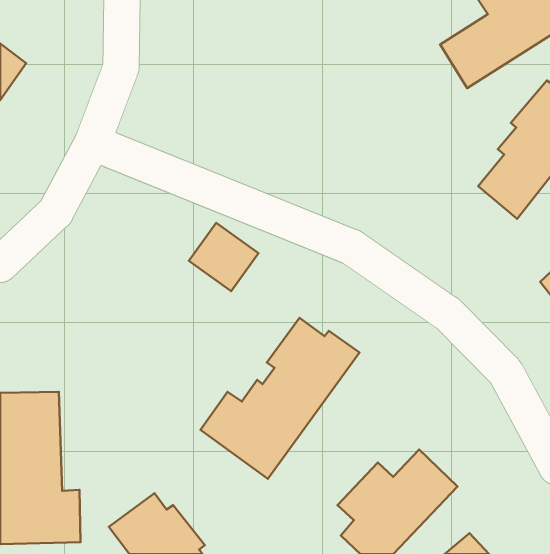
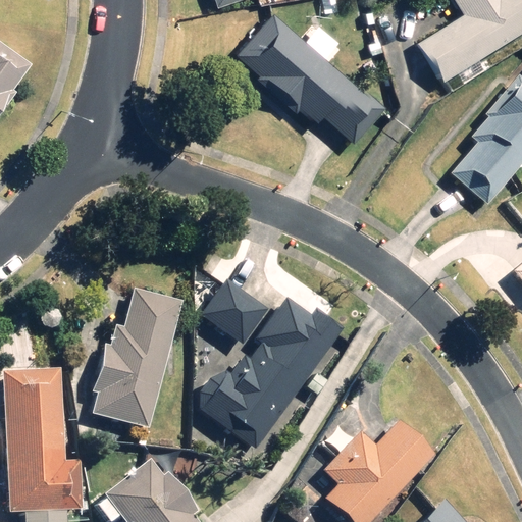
building: none -> [233,11,387,144]
building: [189,223,258,291] -> [202,280,267,345]
building: none -> [87,289,182,427]

